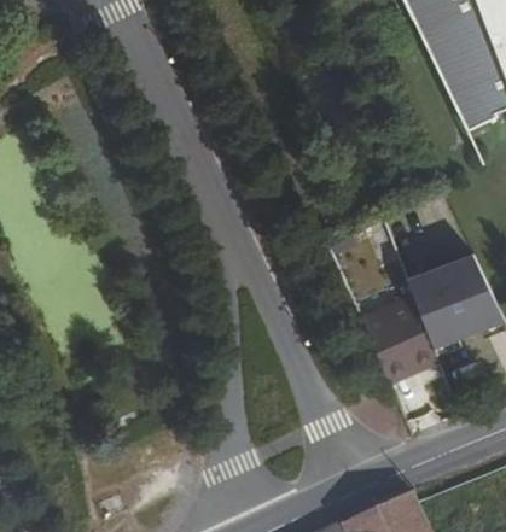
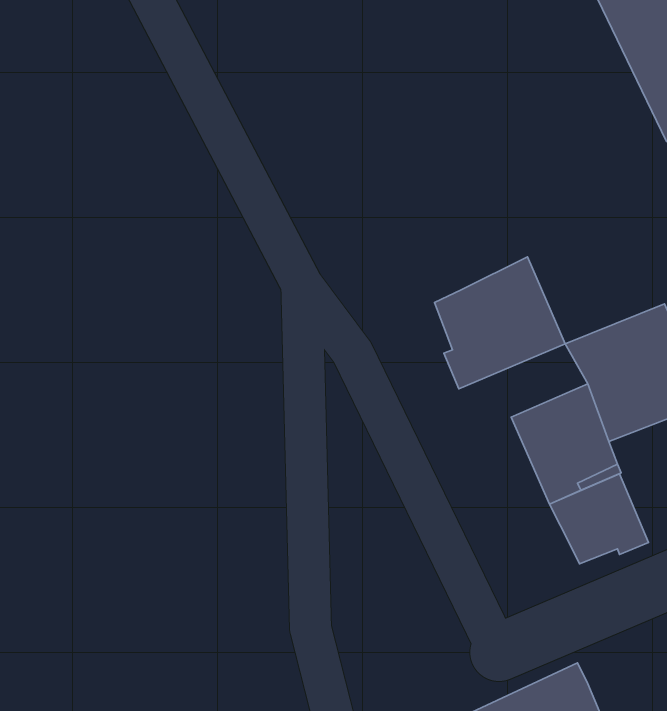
building: none -> [434,257,565,389]
building: none -> [549,474,649,564]

